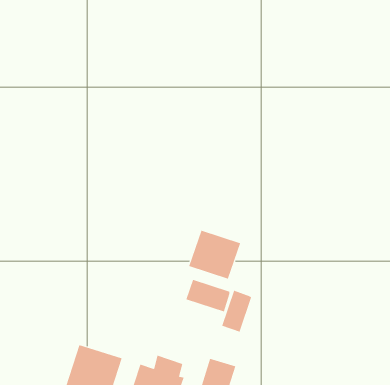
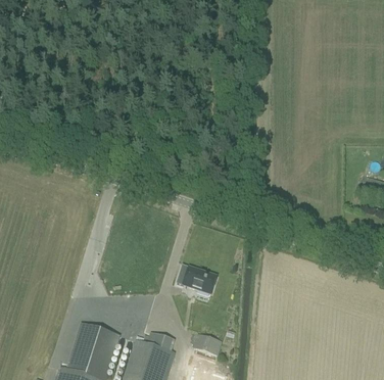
building: [189,230,241,280] -> none
building: [221,290,252,332] -> none

